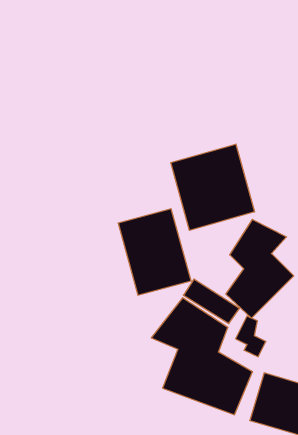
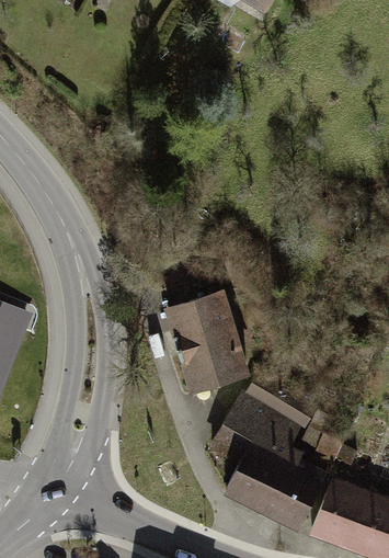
building: [171,144,255,230] -> none
building: [226,219,294,318] -> none

